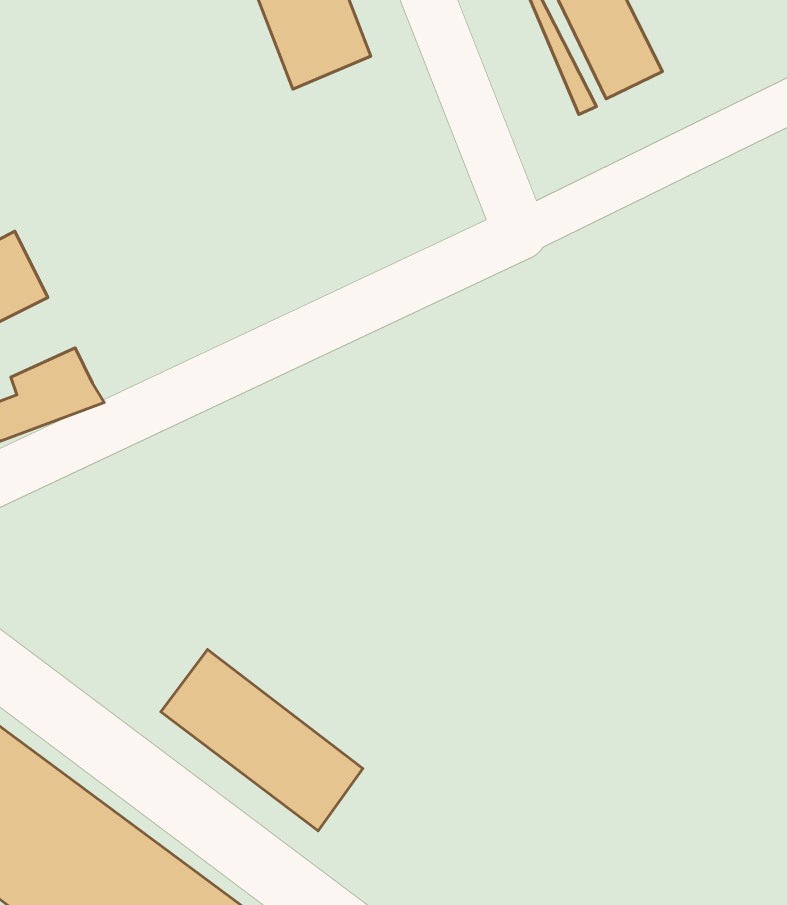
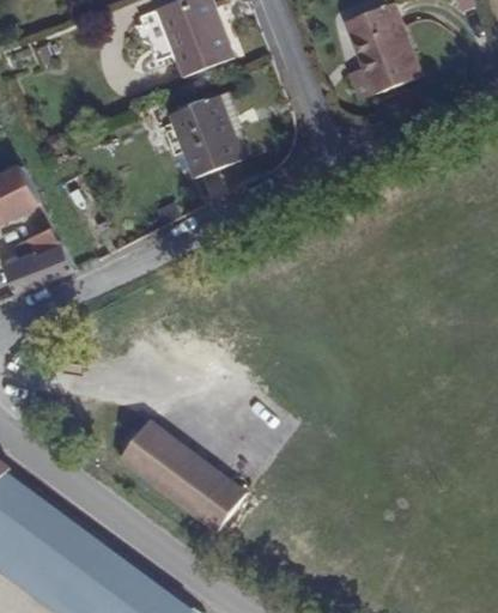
building: none -> [174,93,243,180]

